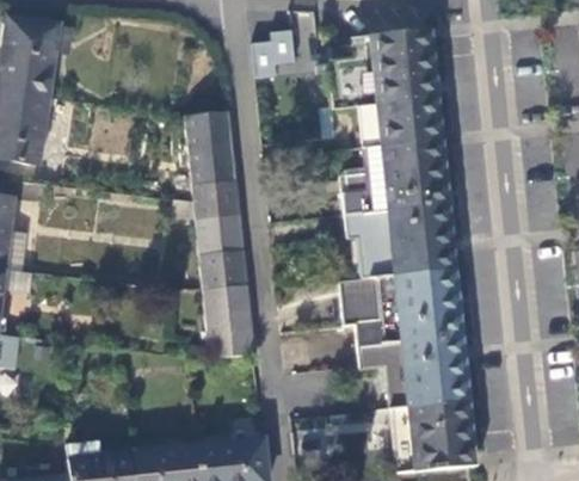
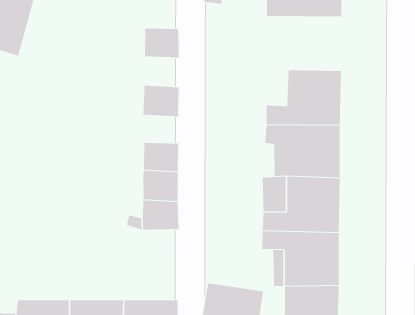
building: [333,73,432,144] -> none
building: [191,144,238,183] -> none
building: [197,216,245,252] -> none

